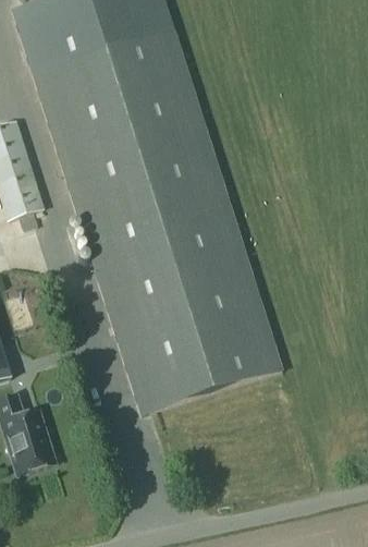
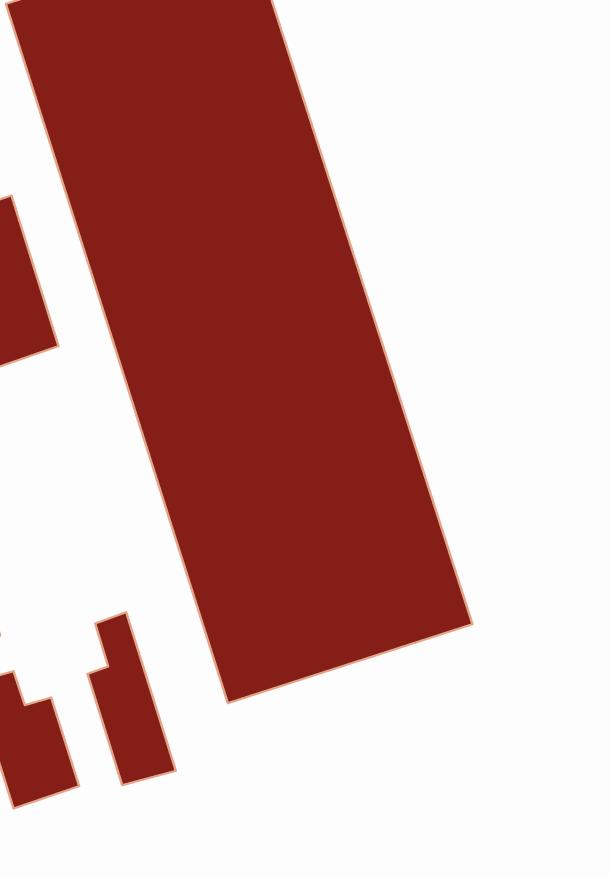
building: none -> [88,612,176,785]

